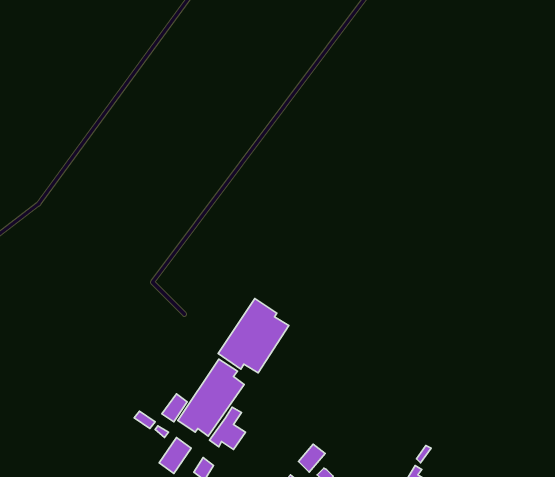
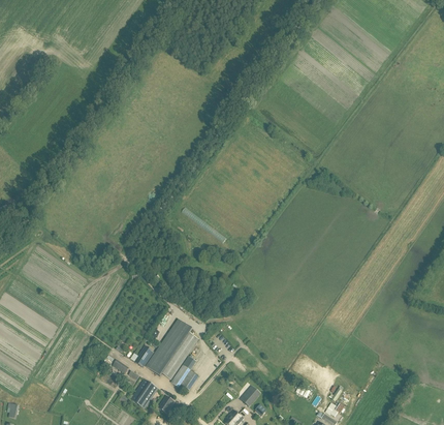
building: [218,299,289,373] -> none

